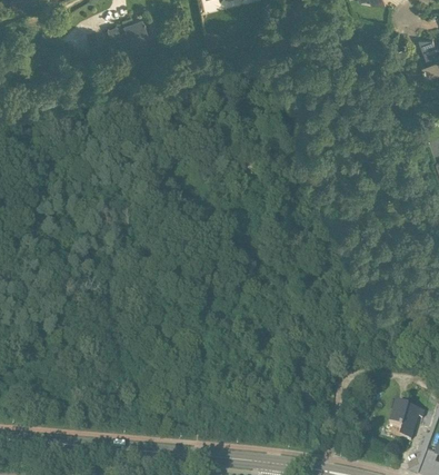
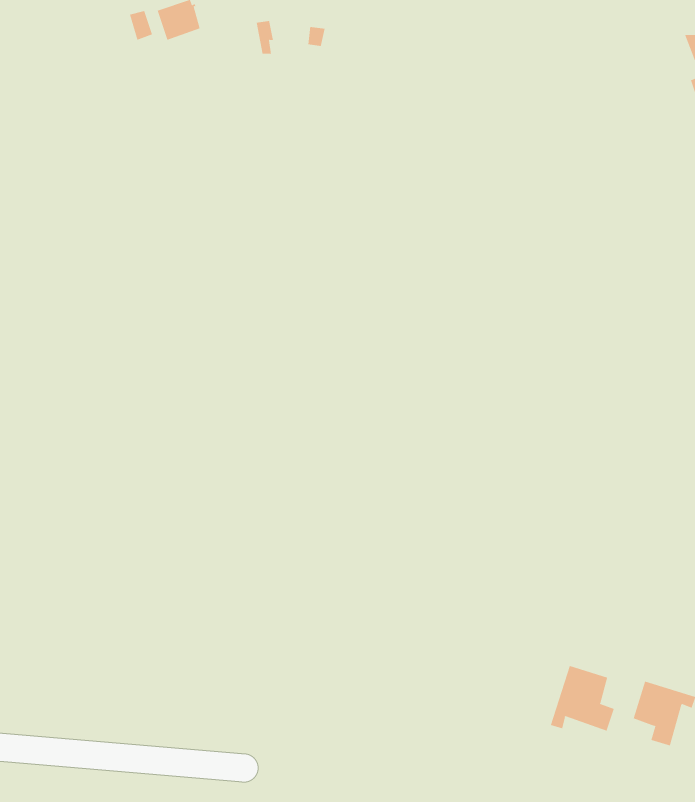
building: none -> [550,665,615,731]

